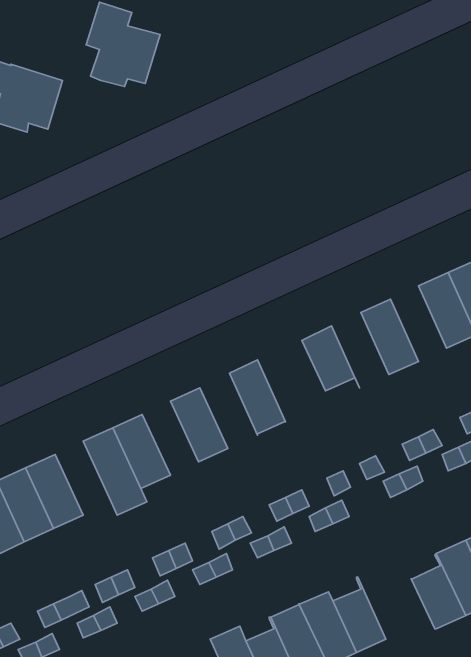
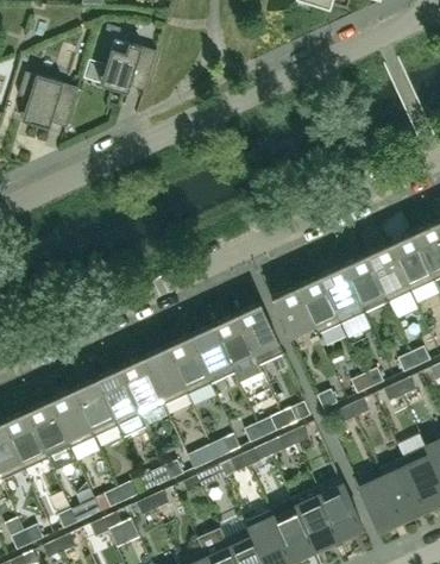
building: none -> [342,253,388,314]
building: none -> [295,275,341,336]
building: none -> [235,302,283,365]
building: none -> [189,324,235,384]
building: none -> [143,346,188,406]
building: none -> [73,378,118,438]
building: none -> [316,477,363,538]

